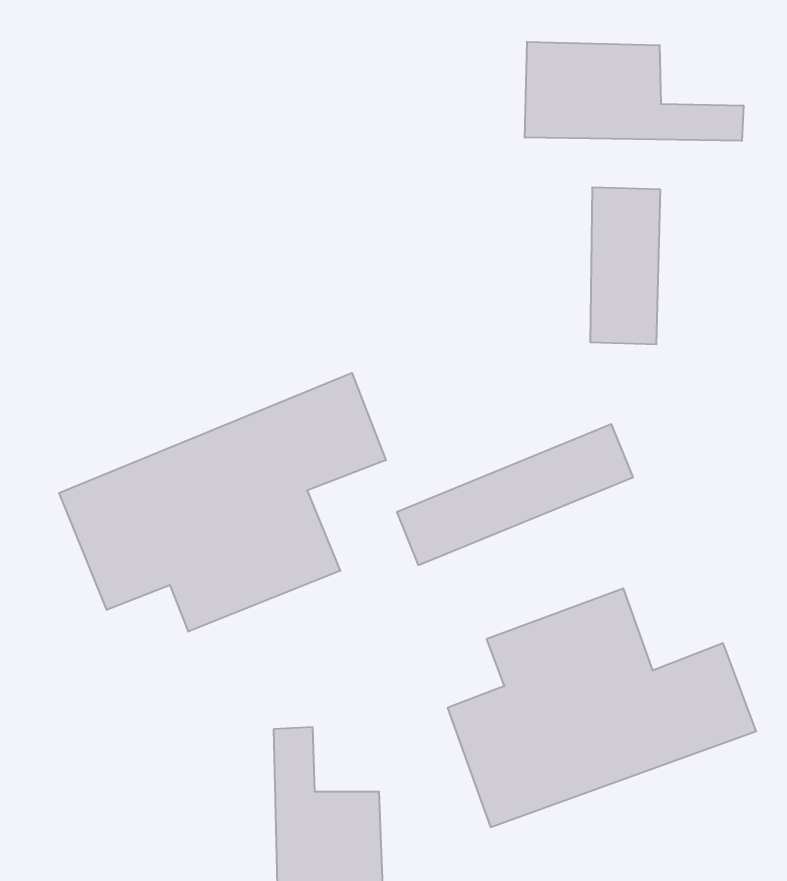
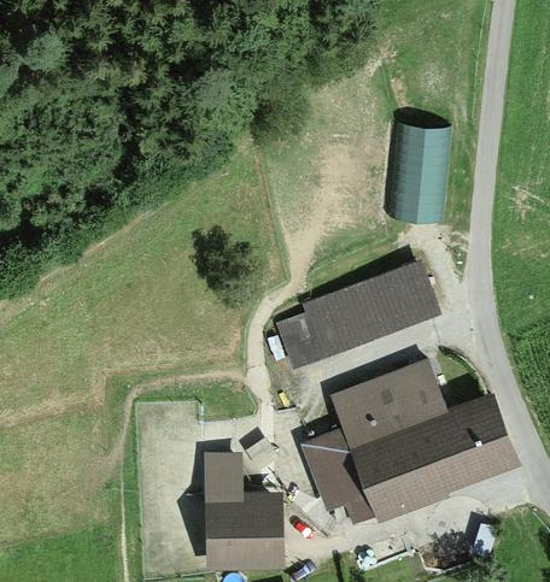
building: [525,42,743,141] -> none
building: [59,373,386,632] -> none

